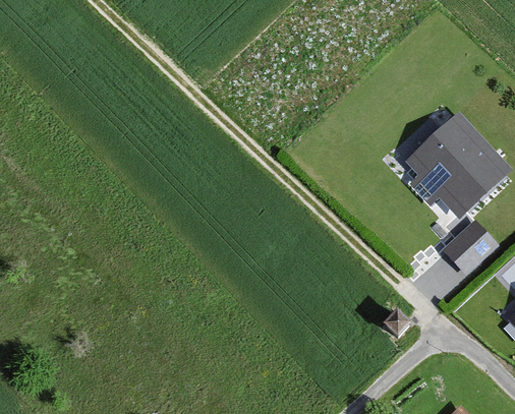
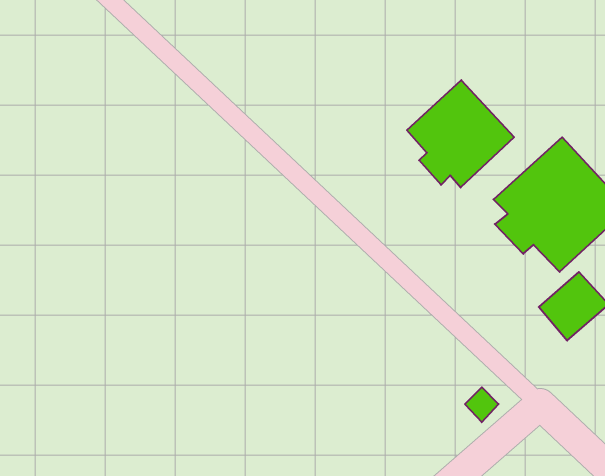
building: none -> [407,80,514,188]

